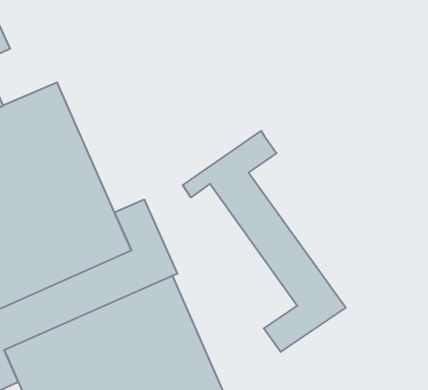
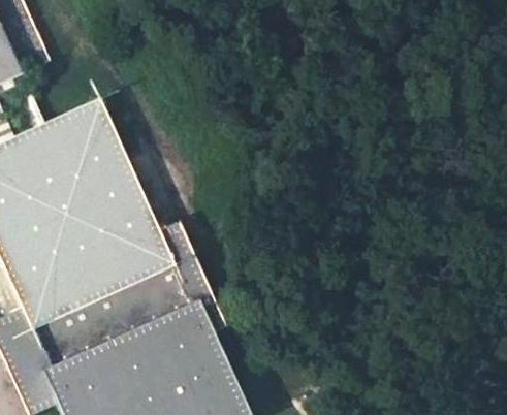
building: [183,131,346,352] -> none

